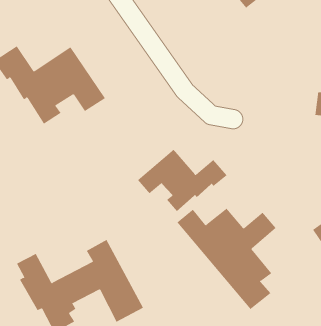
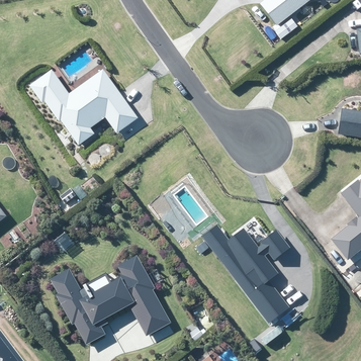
building: [137,149,228,212] -> none

